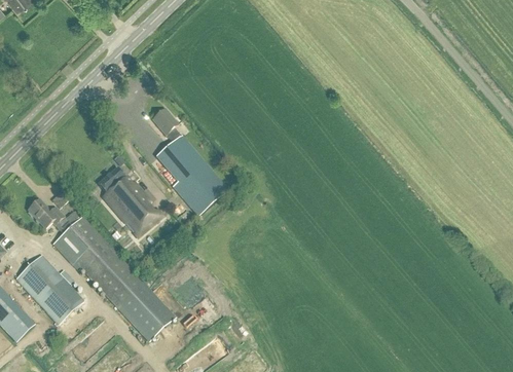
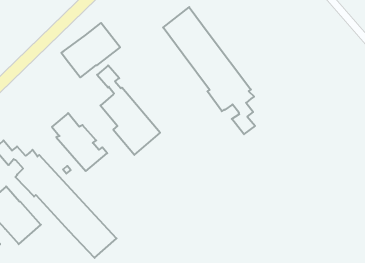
building: none -> [163,7,255,134]
building: none -> [61,23,120,77]

